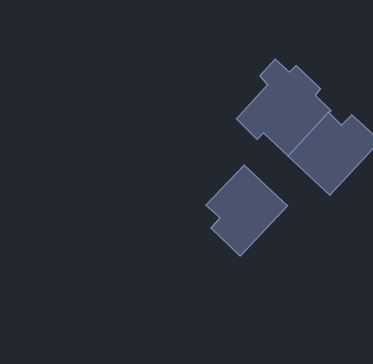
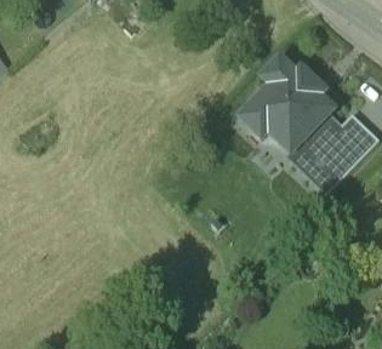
building: [206,165,288,256] -> none

